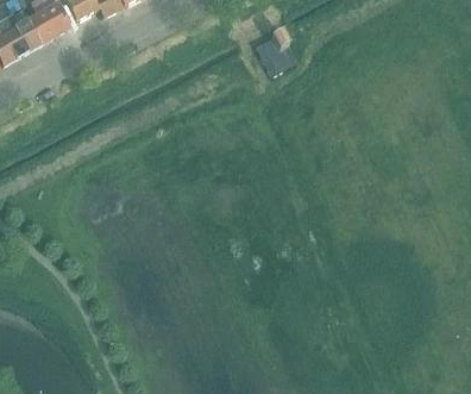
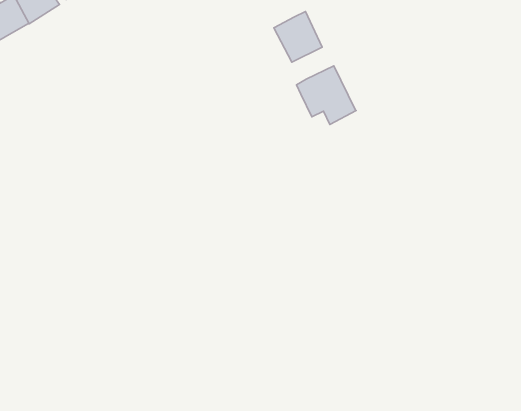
building: none -> [296,66,356,125]

